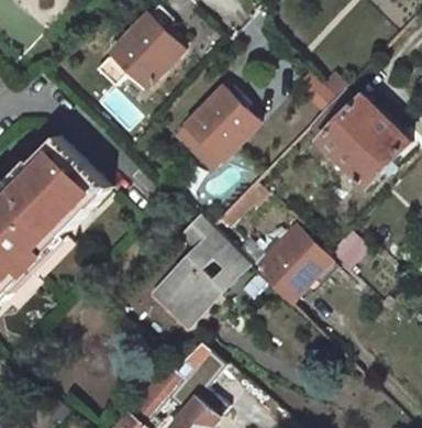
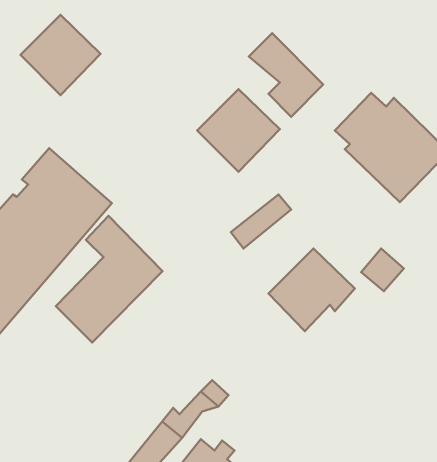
building: [113,12,184,83] -> [20,15,101,95]
building: none -> [249,33,323,117]
building: [154,215,247,326] -> [56,216,162,343]

